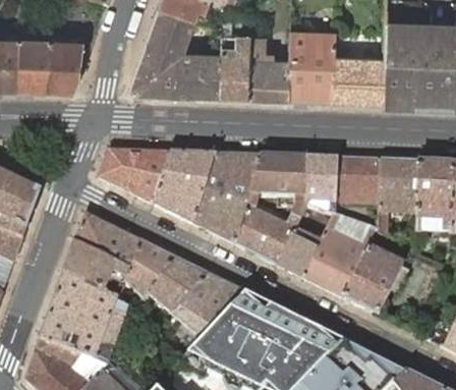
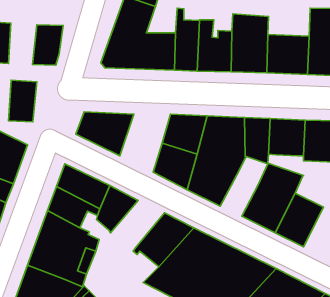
building: [17,40,52,91] -> [9,80,37,122]
building: [154,152,216,223] -> none
building: [277,226,323,277] -> none
building: [142,258,209,316] -> none

